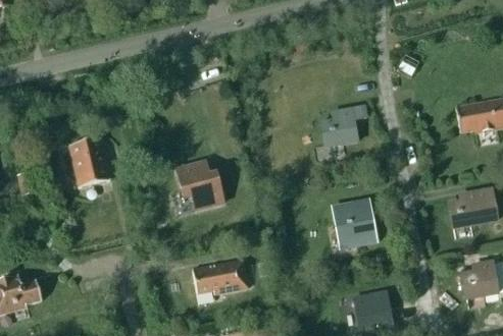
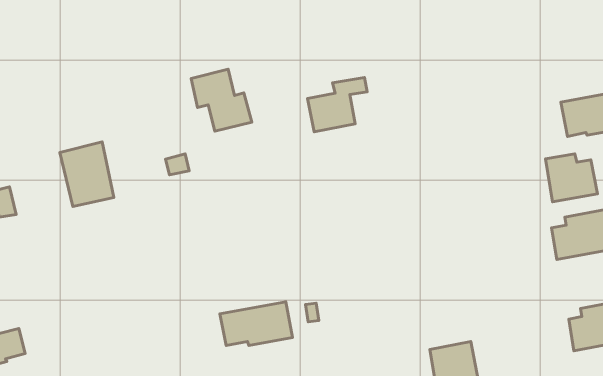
building: [320,105,366,147] -> [308,77,367,132]
building: none -> [545,154,598,202]
building: [177,161,223,209] -> [191,69,252,131]
building: [334,199,376,246] -> none

